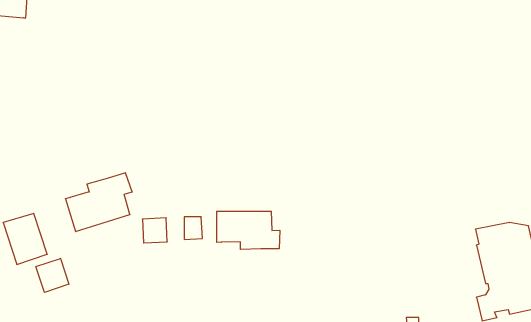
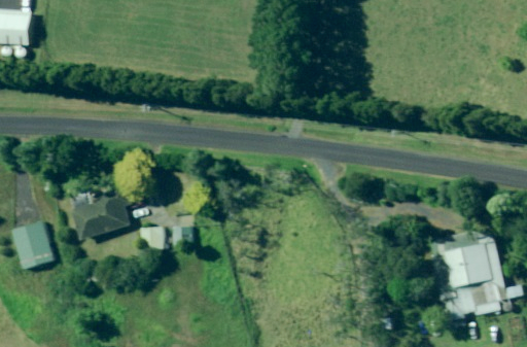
building: [217,211,280,249] -> none
building: [36,258,69,292] -> none

